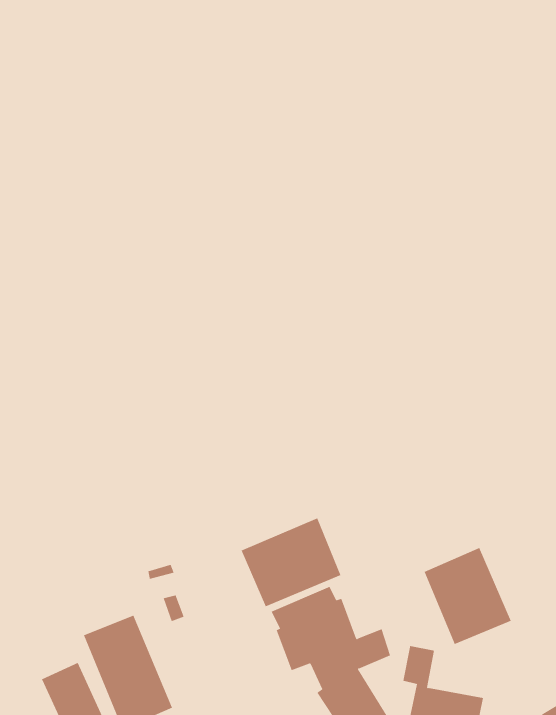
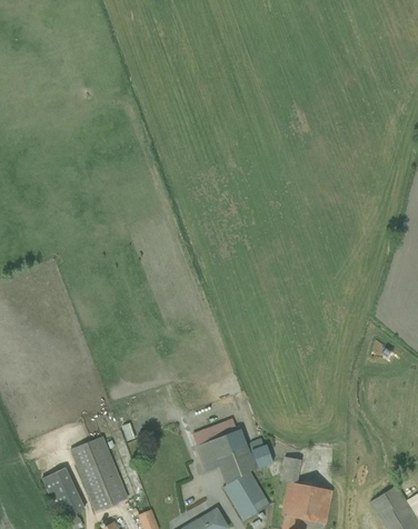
building: [241,517,341,607] -> none
building: [424,547,511,645] -> none

